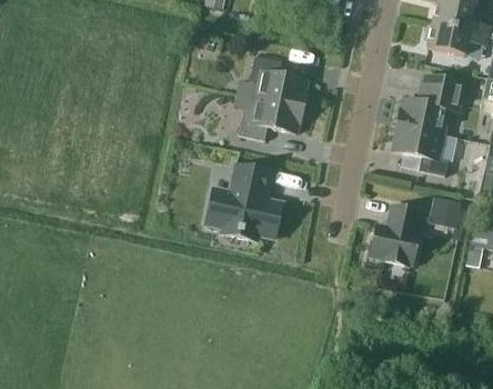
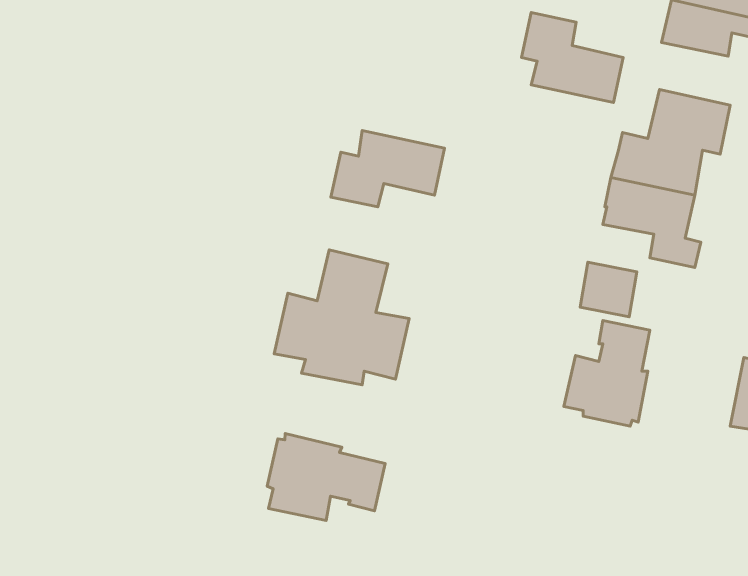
building: [251,56,309,107] -> [521,12,623,102]
building: [429,196,461,227] -> [580,262,637,317]
building: none -> [267,434,385,520]

